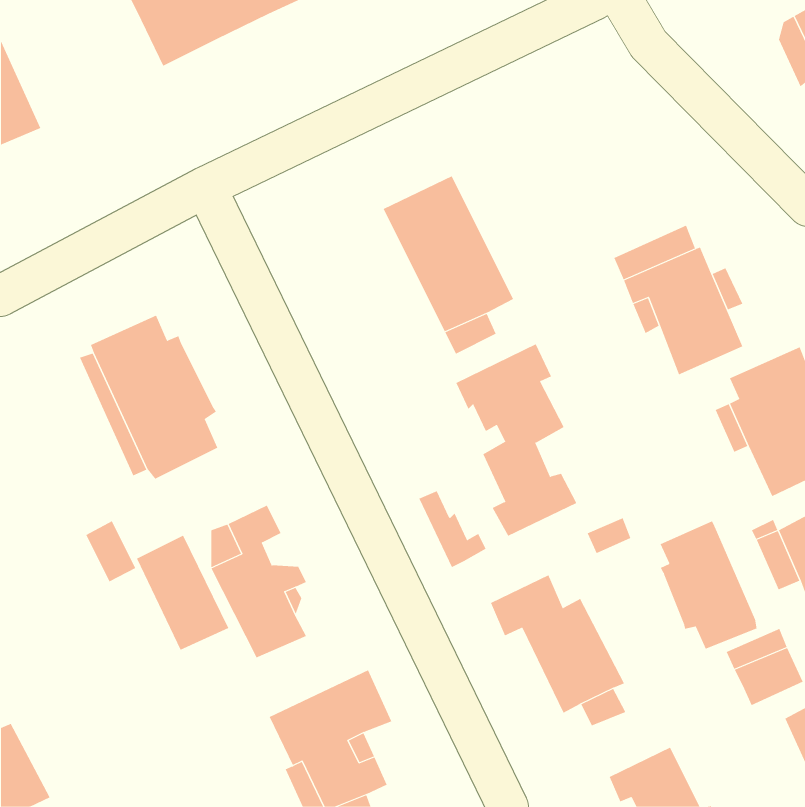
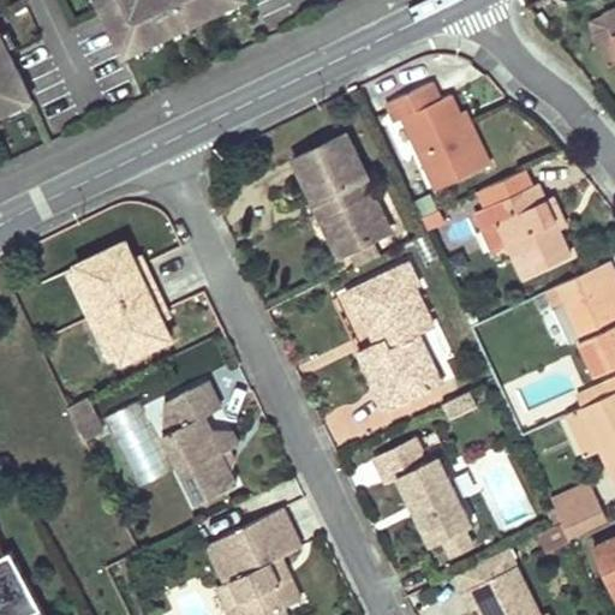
building: none -> [381,77,485,190]
building: [418,490,486,568] -> [334,291,386,350]
building: [660,520,757,649] -> none

